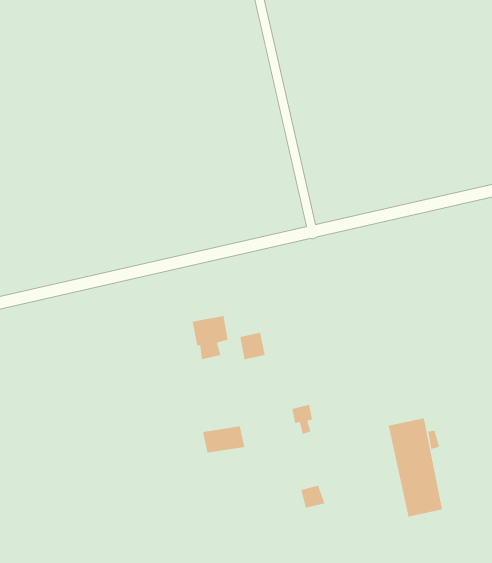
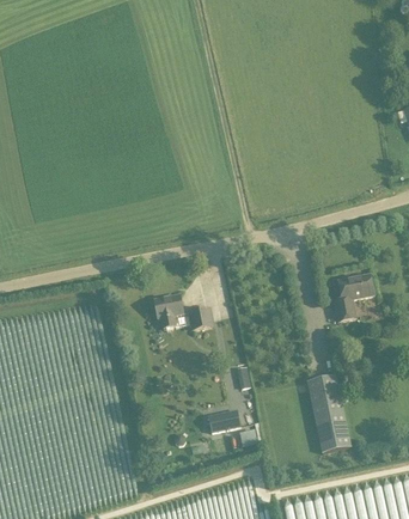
building: none -> [336,274,374,320]
building: [202,426,245,453] -> [208,409,242,431]

